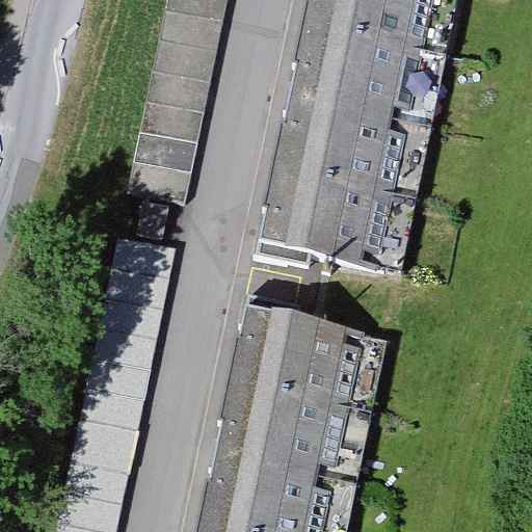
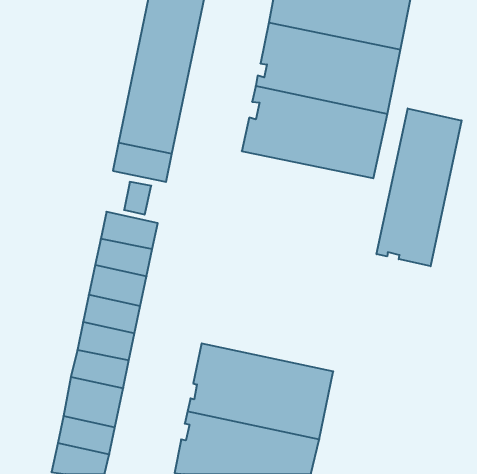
building: none -> [377,108,462,266]
building: [250,168,416,273] -> none
building: [224,297,387,414] -> none

